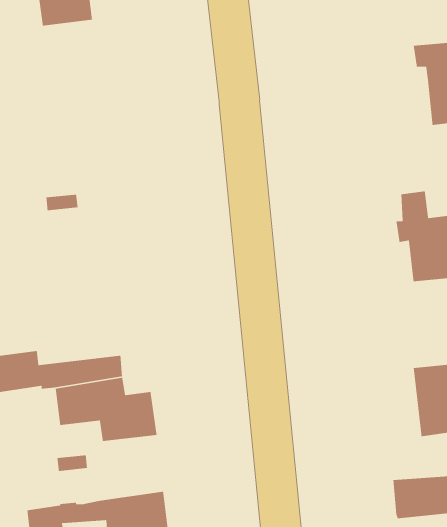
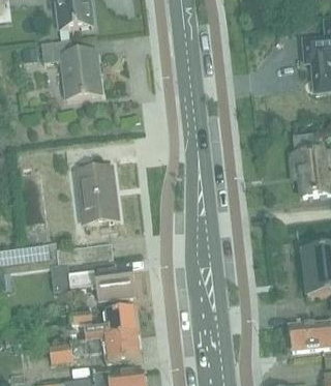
building: none -> [40,38,100,97]
building: none -> [77,166,117,222]
building: none -> [85,307,139,339]

